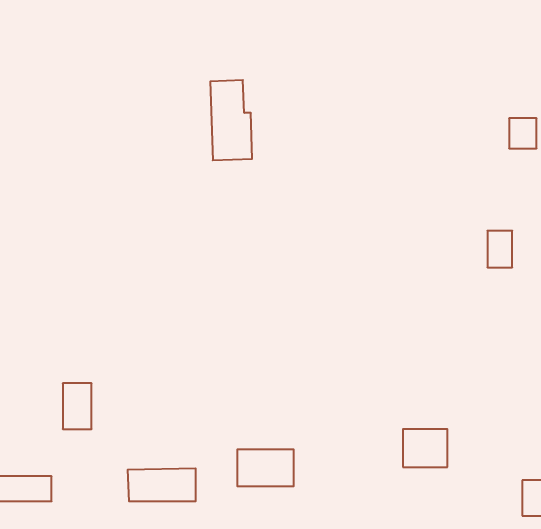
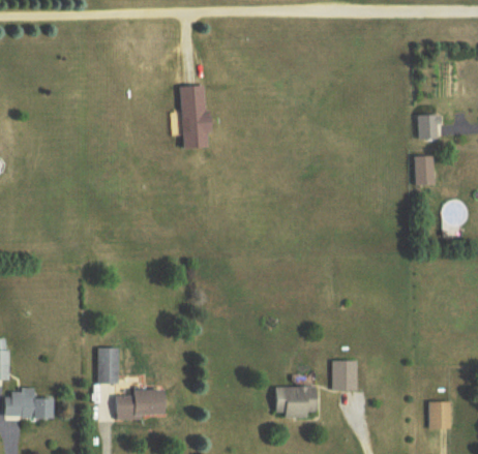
building: [487,231,512,267] -> [415,155,435,184]
building: [63,383,92,429] -> [97,347,120,384]
building: [237,449,294,486] -> [273,387,318,416]

